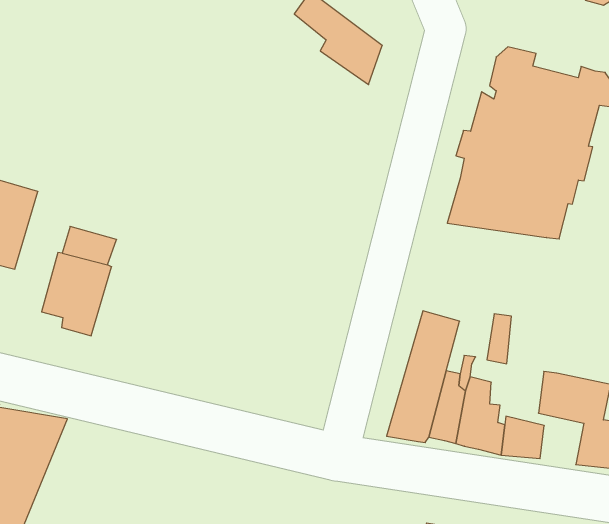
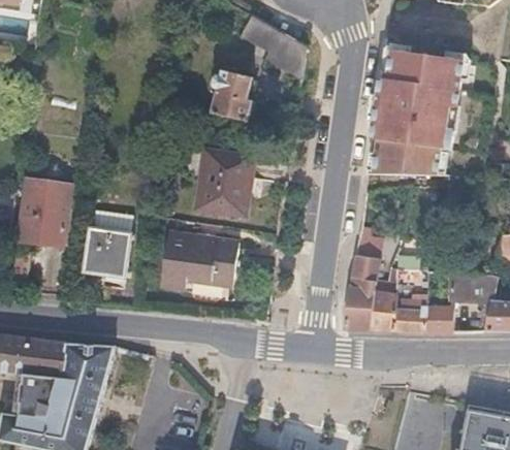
building: none -> [211,67,253,116]
building: none -> [197,151,254,215]
building: none -> [162,234,240,290]

